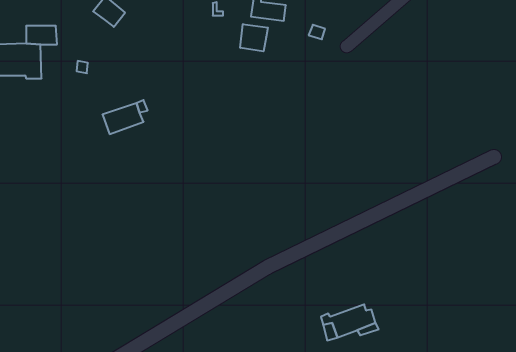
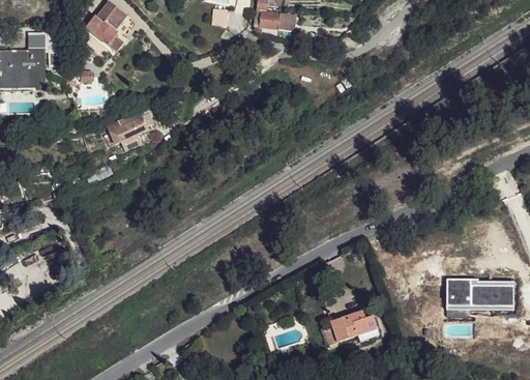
building: none -> [86,19,123,55]
building: [240,24,268,51] -> none
building: none -> [445,277,514,308]

